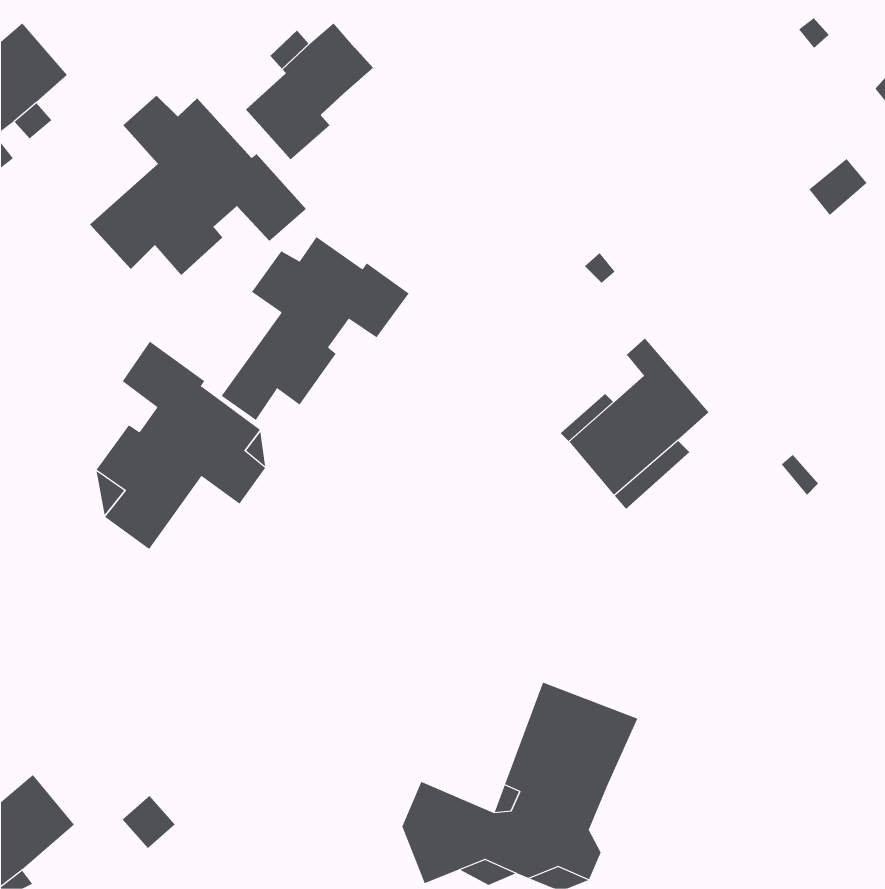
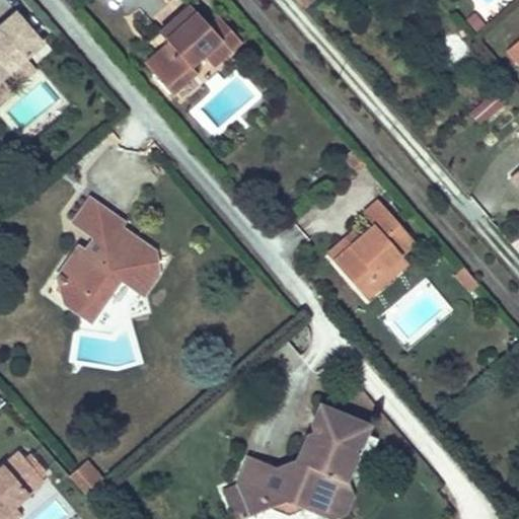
building: none -> [203,17,241,66]
building: [89,95,307,276] -> none
building: [221,236,410,421] -> none

